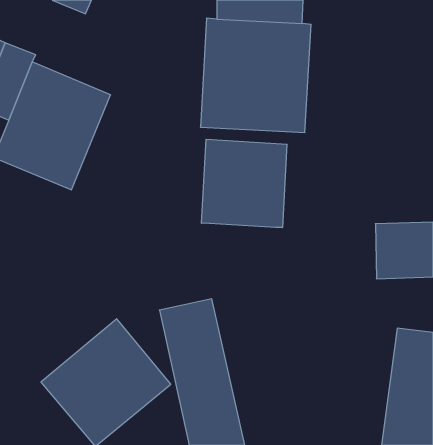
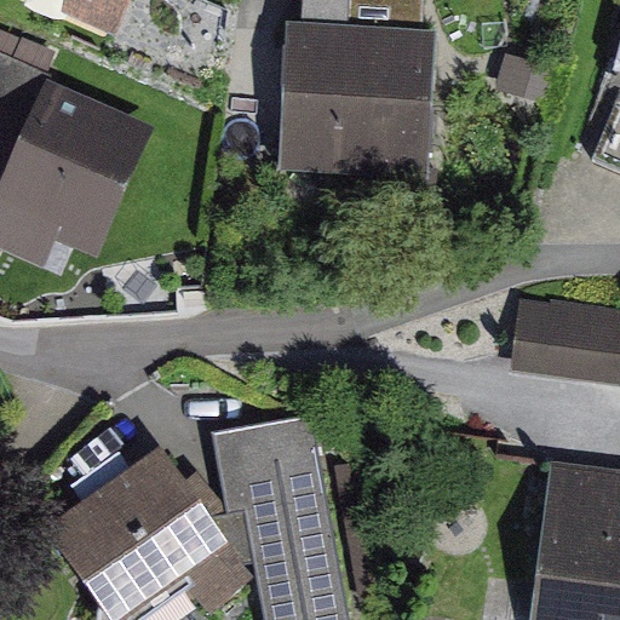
building: [201,139,287,228] -> none

